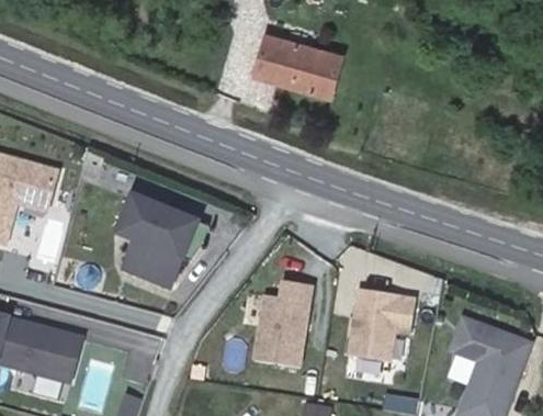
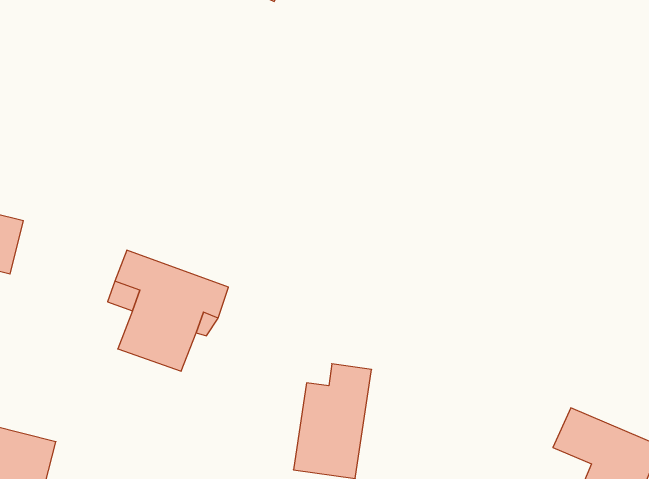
building: [262,53,348,113] -> none
building: [344,297,415,368] -> none

